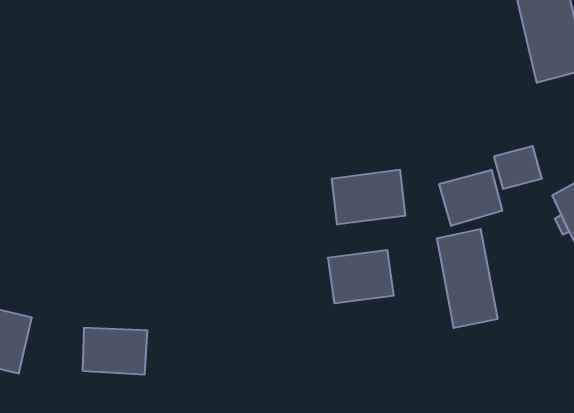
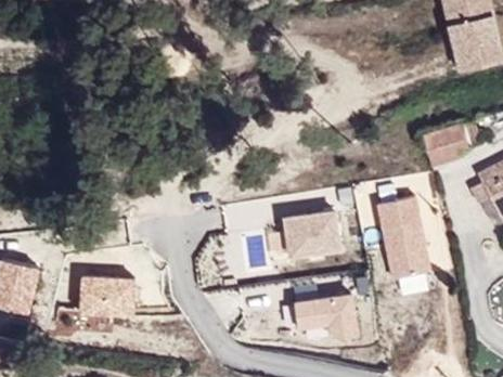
building: [332,170,405,225] -> none
building: [439,170,502,226] -> none
building: none -> [295,295,358,338]

